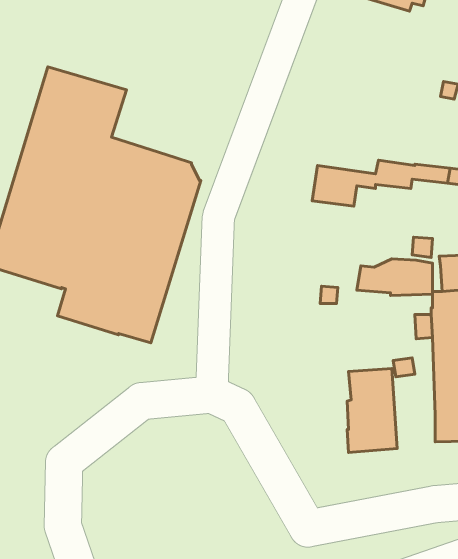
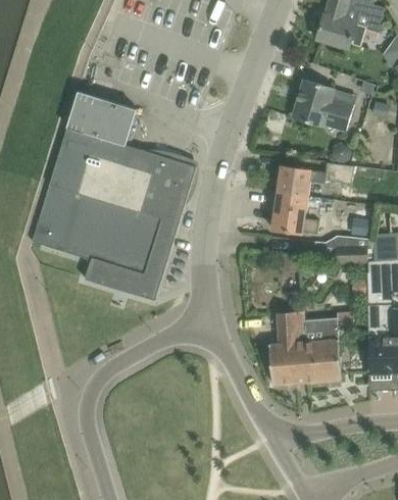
building: none -> [293,80,353,131]
building: none -> [271,192,318,233]
building: none -> [269,314,306,384]

